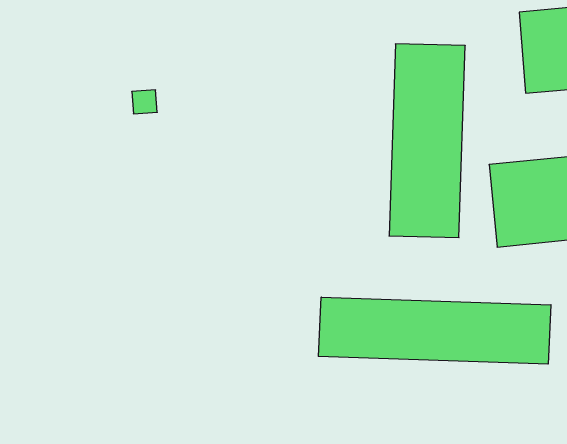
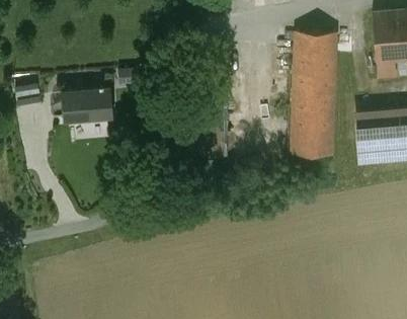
building: none -> [65,80,118,117]
building: [318,297,551,364] -> none

